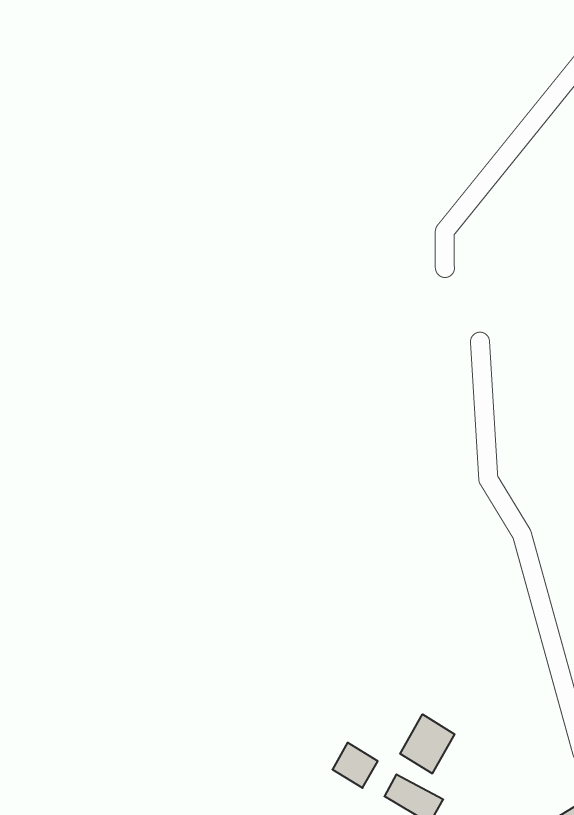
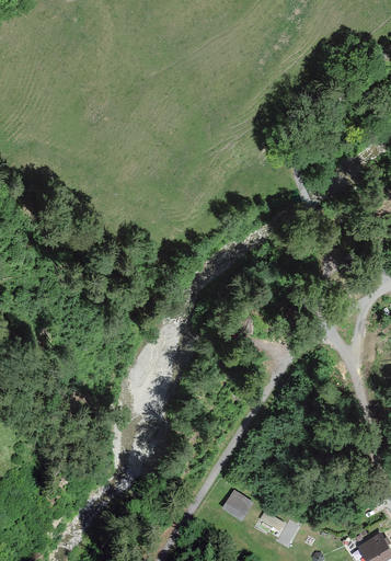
building: [400,714,455,774] -> none

